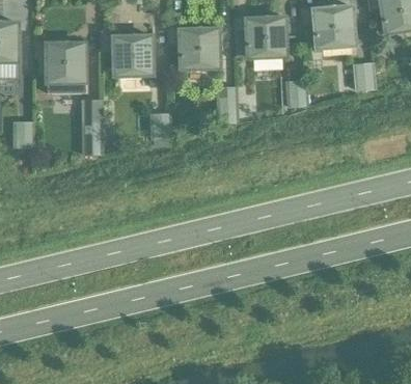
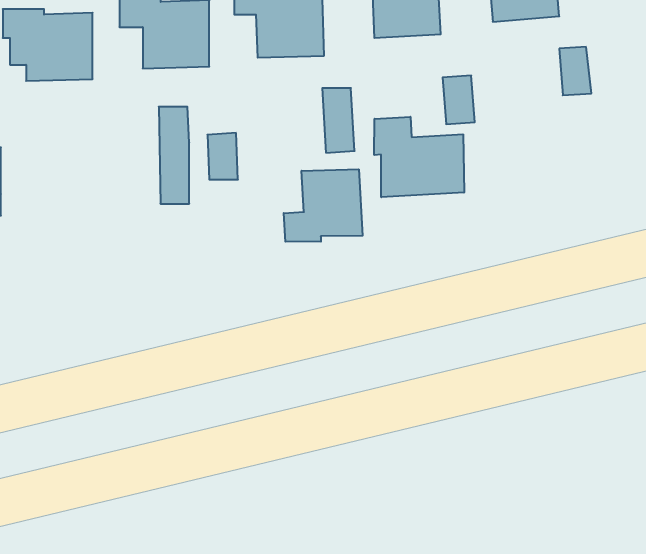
building: [82,99,100,155] -> [159,107,189,204]
building: none -> [374,117,464,197]
building: none -> [284,169,363,242]

